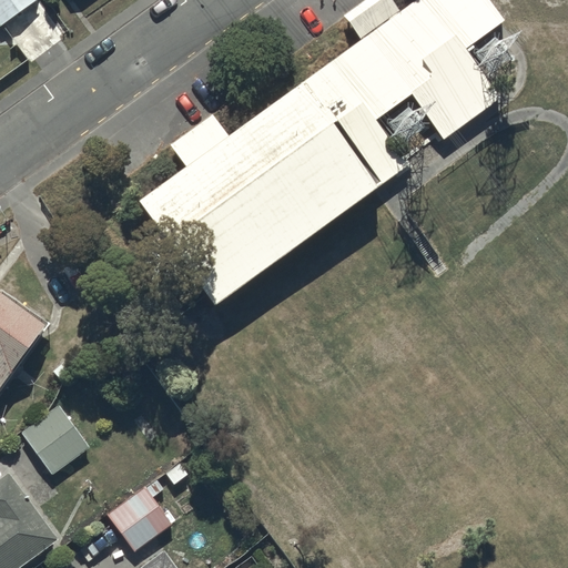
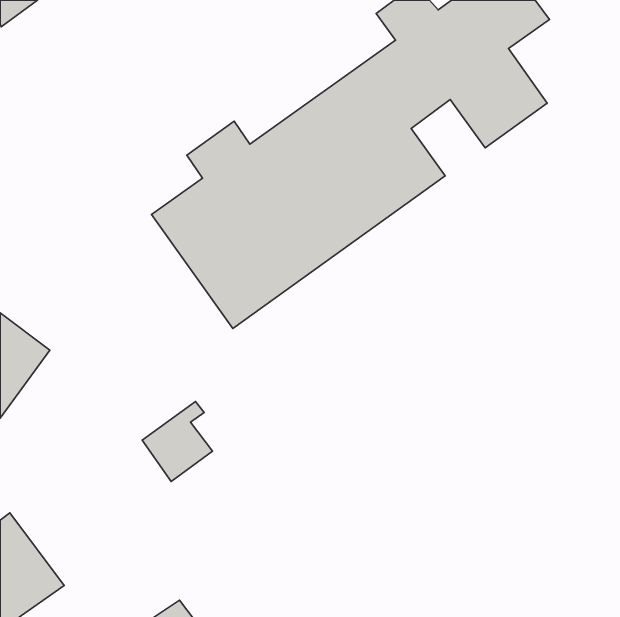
building: [22,406,89,475] -> none
building: [109,479,173,552] -> [142,401,213,481]

